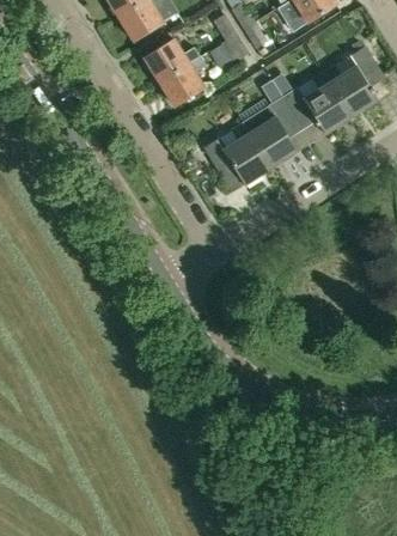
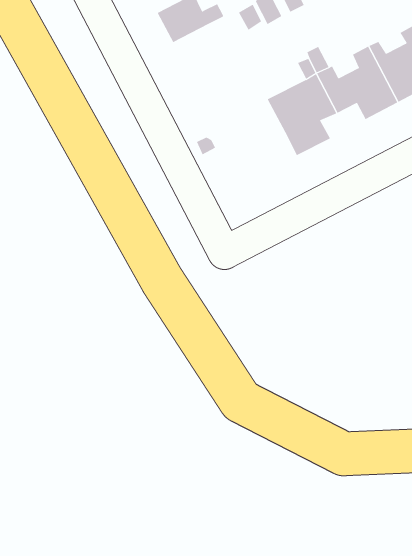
building: [159,54,207,105] -> none
building: [203,122,270,183] -> none

